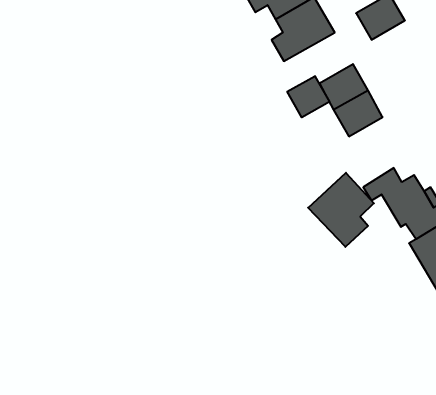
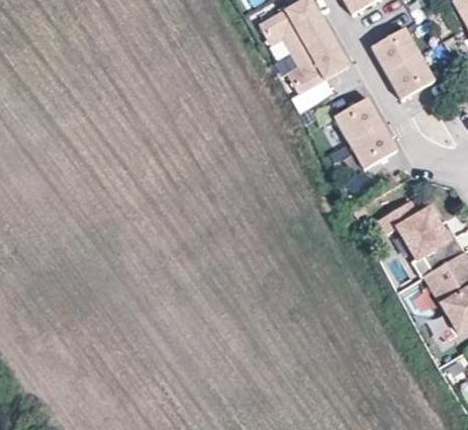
building: none -> [385,54,434,99]
building: [287,76,329,117] -> none
building: [308,173,374,247] -> none

